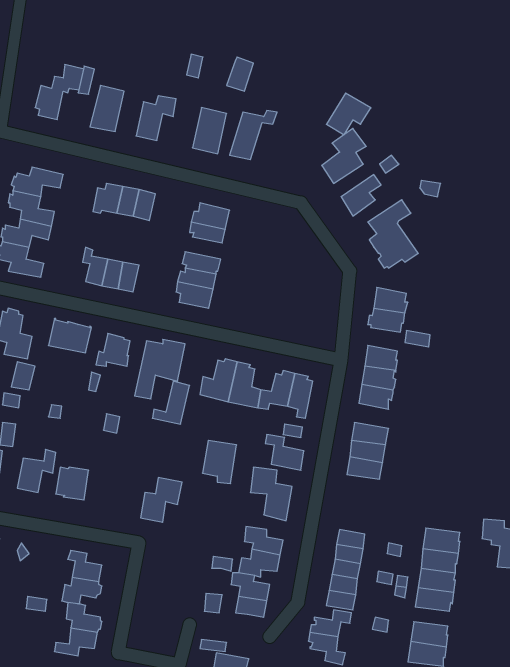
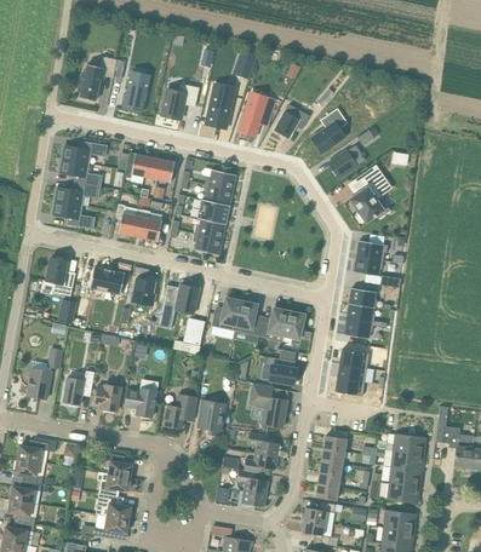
building: [326,93,371,135] -> [275,102,311,136]
building: [202,440,237,484] -> [197,399,225,435]
building: none -> [125,387,156,416]

